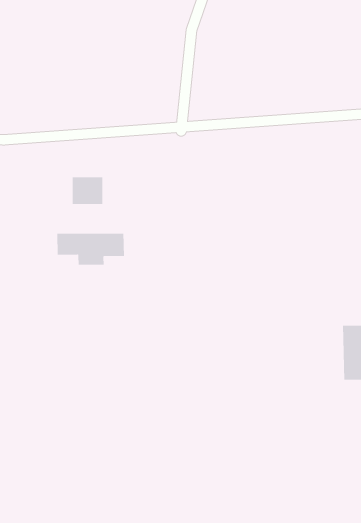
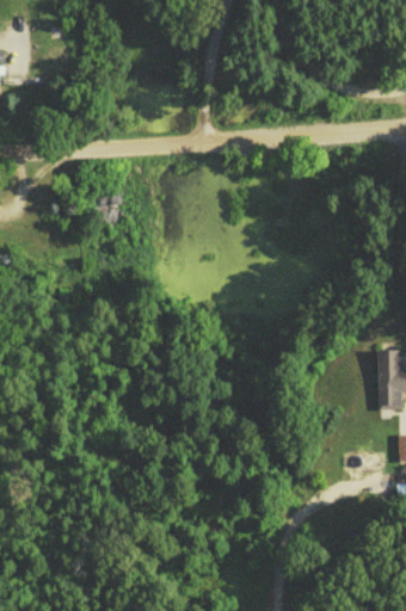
building: [57,233,124,266] -> none

